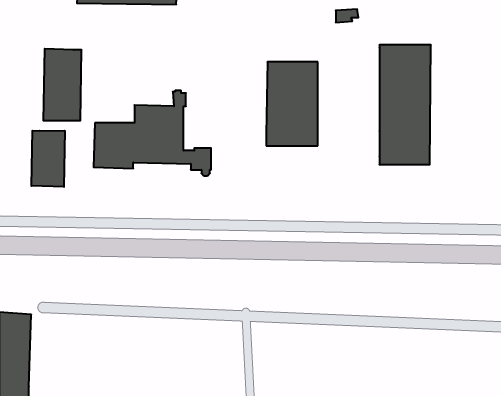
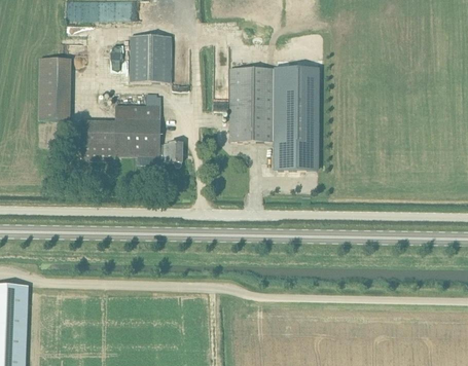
building: none -> [130,35,172,81]
building: [379,45,431,165] -> [274,66,318,169]
building: [31,131,65,187] -> none

